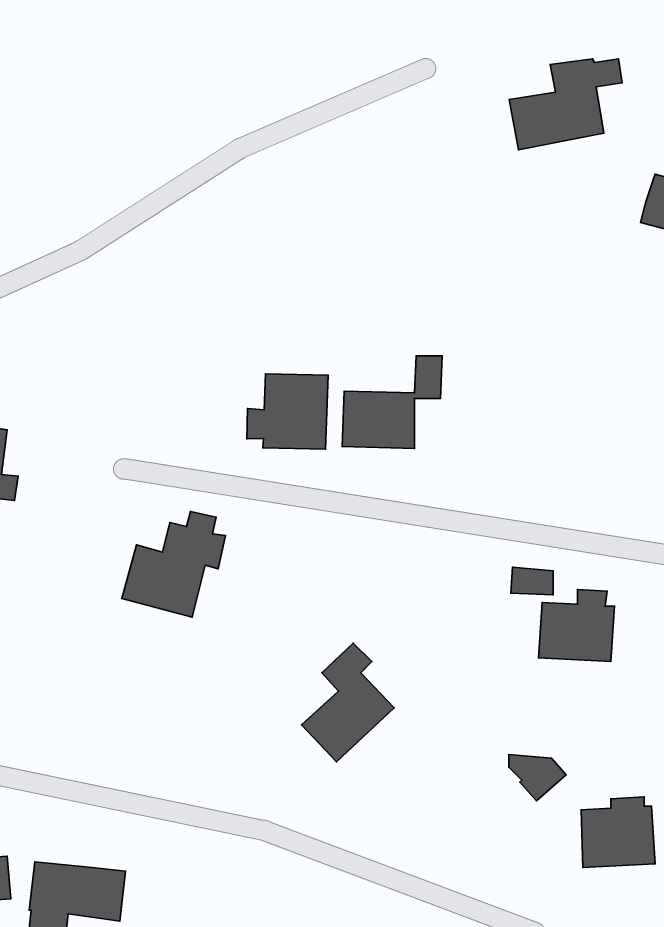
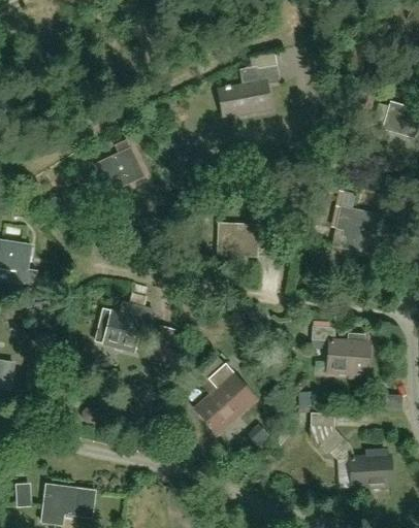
building: [509,59,622,150] -> [218,66,281,117]
building: none -> [95,140,144,194]
building: none -> [336,206,384,256]
building: [247,374,328,449] -> none

